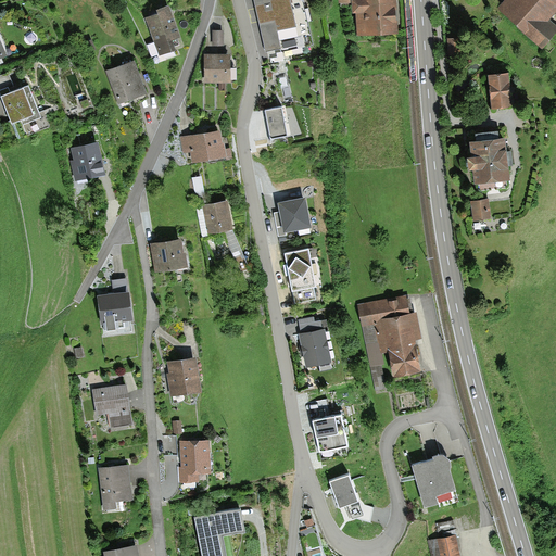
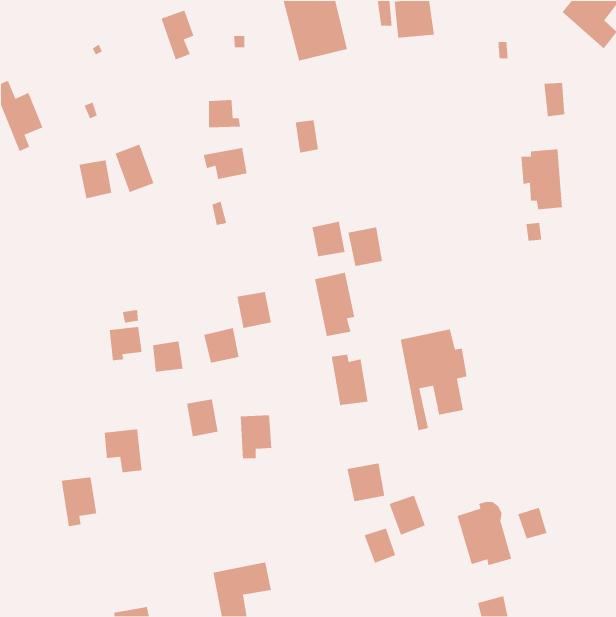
building: [205,54,235,80] -> [208,99,241,128]
building: [109,60,144,104] -> [115,144,154,193]
building: [202,202,233,236] -> [237,291,272,329]
building: none -> [348,226,383,267]
building: [152,239,185,271] -> [203,327,239,363]
building: none -> [152,340,183,373]
building: [179,440,208,480] -> [240,415,272,459]
building: none -> [388,495,426,536]
building: none -> [517,507,547,539]
building: [97,464,129,509] -> [61,477,97,527]

